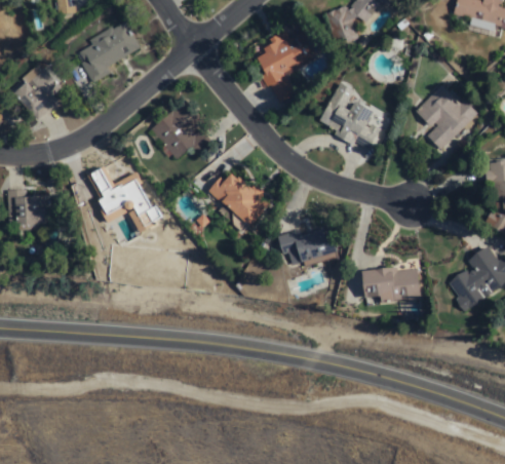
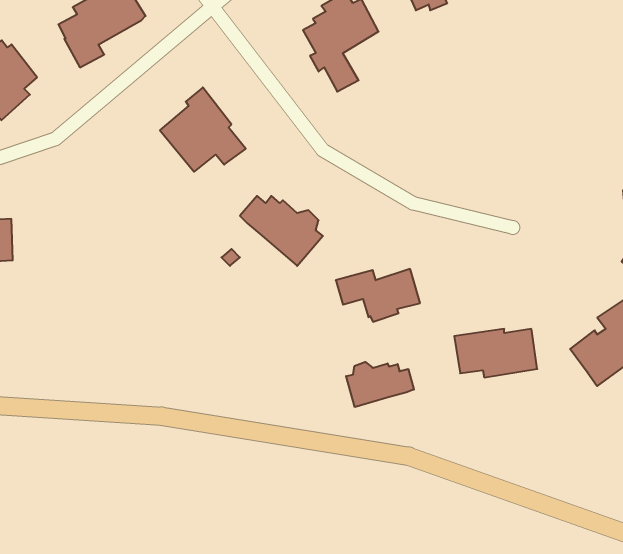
building: [320,80,380,148] -> none
building: [415,85,476,149] -> none
building: [86,164,160,228] -> none
building: none -> [346,362,414,407]

